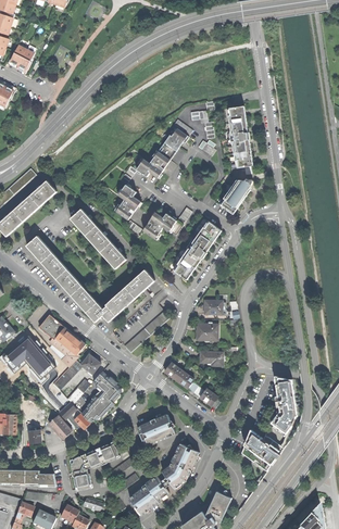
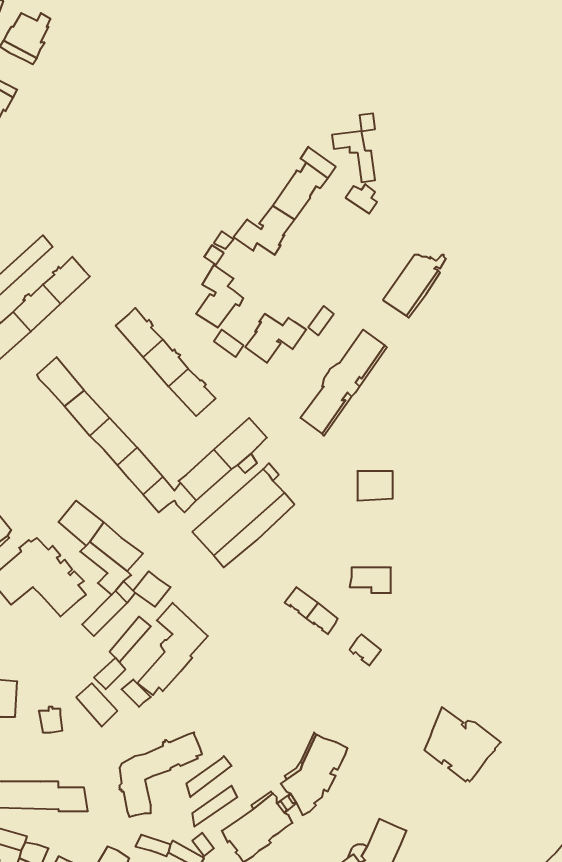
building: [226,106,250,167] -> none
building: [196,322,219,341] -> none
building: [269,376,298,439] -> none
building: [138,414,175,445] -> none

